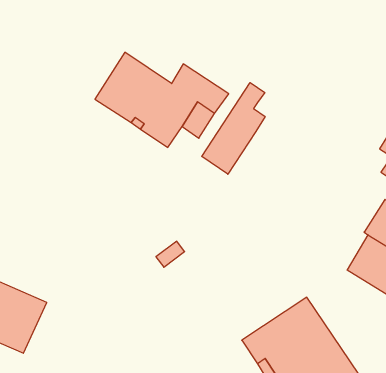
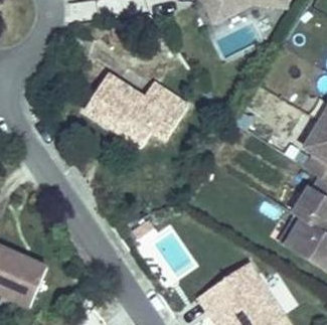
building: [202,83,265,174] -> none

